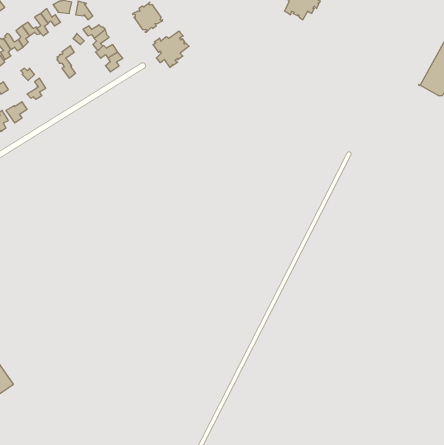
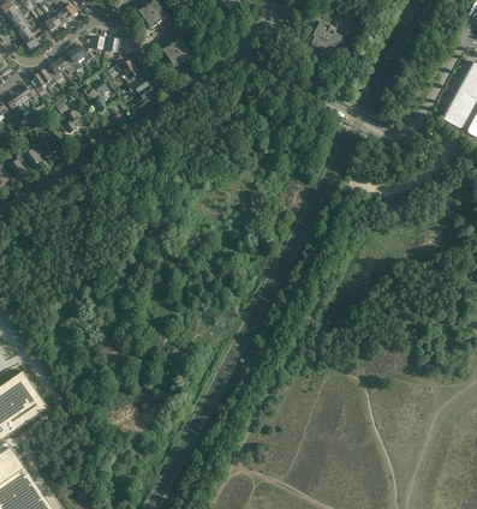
building: [153,31,189,67] -> none

